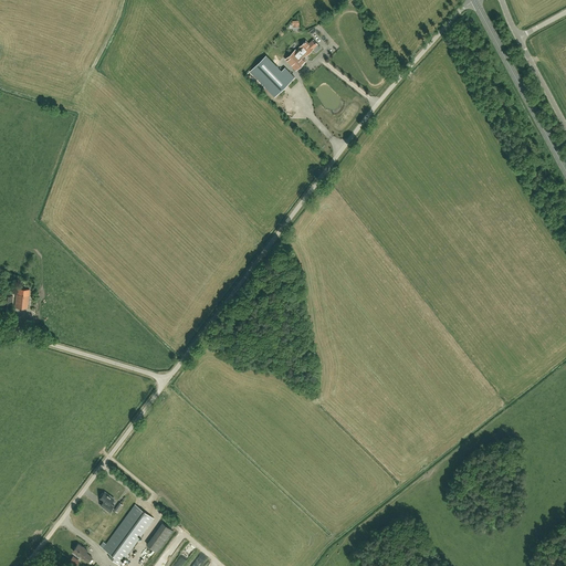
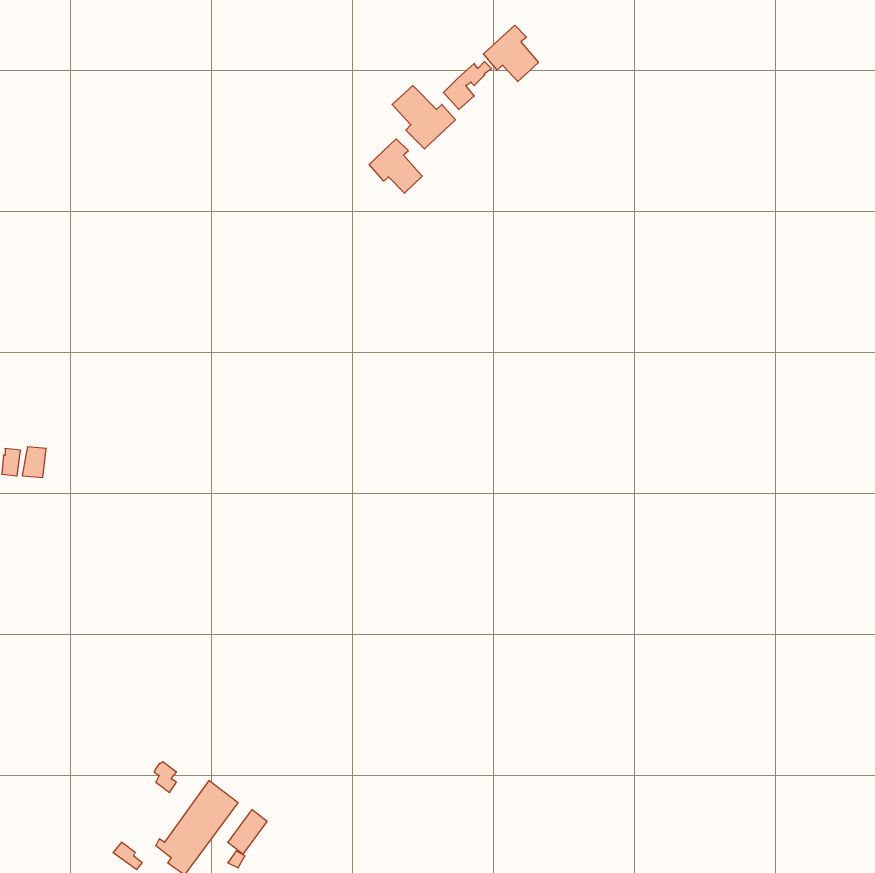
building: none -> [483,25,538,82]
building: none -> [369,139,422,193]

